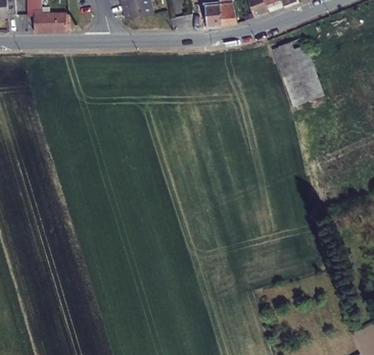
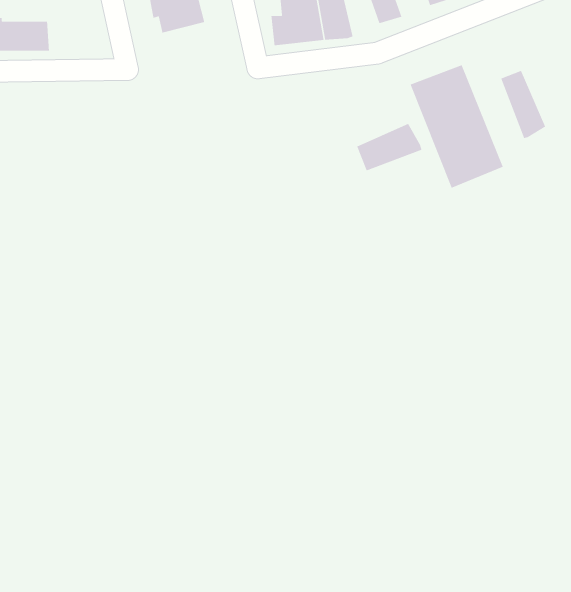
building: none -> [500,70,546,139]
building: none -> [356,123,422,171]

